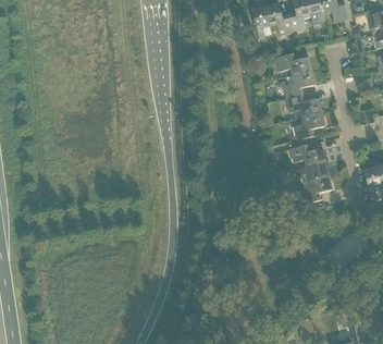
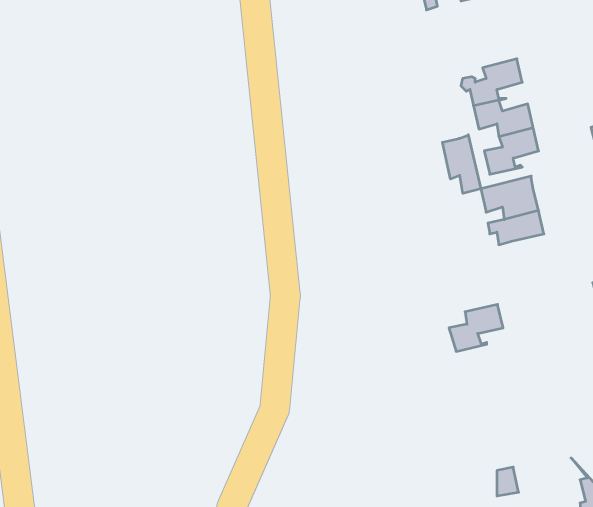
building: [276,51,312,74] -> none
building: none -> [442,135,481,193]
building: [299,174,332,202] -> [449,304,503,351]

